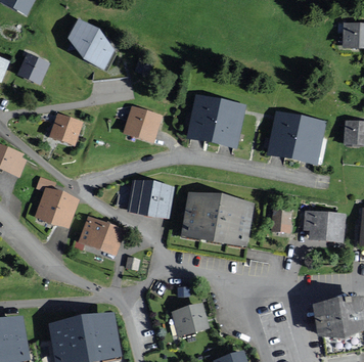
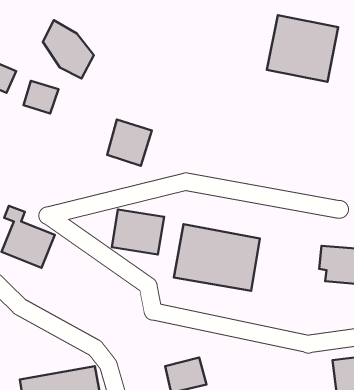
building: [186,91,246,147] -> none
building: [266,107,326,164] -> [267,15,338,82]
building: [51,114,81,141] -> [23,81,59,114]
building: [272,207,289,231] -> none
building: [79,217,123,254] -> none

